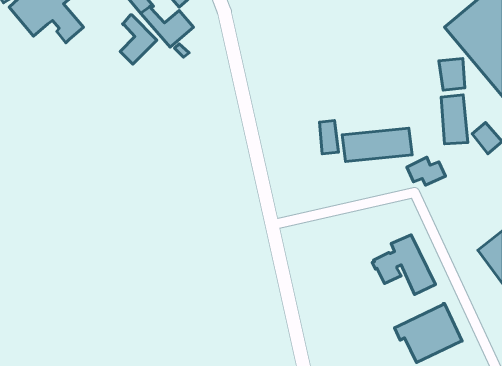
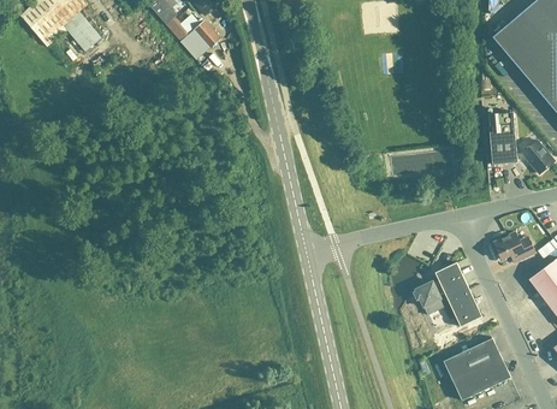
building: [120,15,157,64] -> none
building: [439,59,465,90] -> none
building: [320,120,339,154] -> none
building: [407,157,446,185] -> [493,232,535,262]

